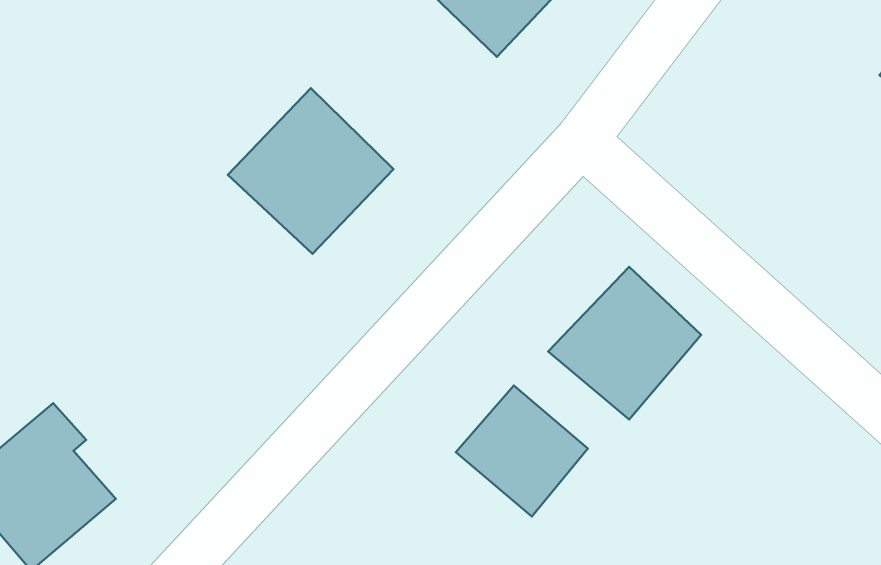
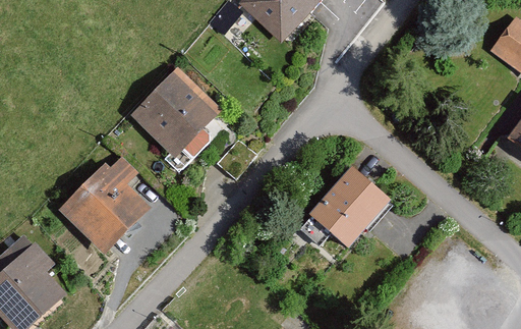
building: none -> [60,153,152,253]
building: [456,386,588,516] -> none

